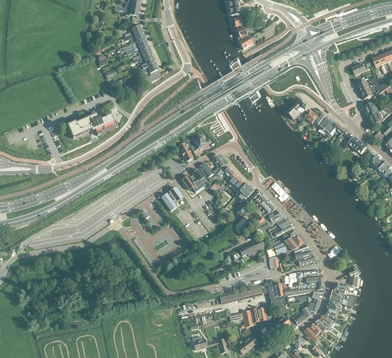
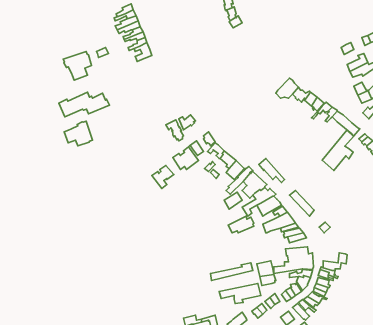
building: none -> [63,51,92,80]
building: none -> [64,121,92,146]
building: none -> [322,130,353,170]

